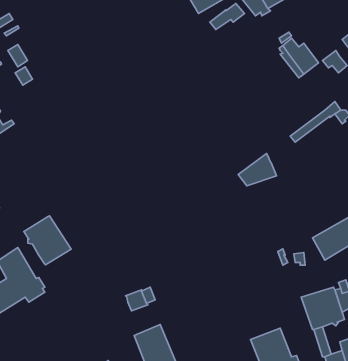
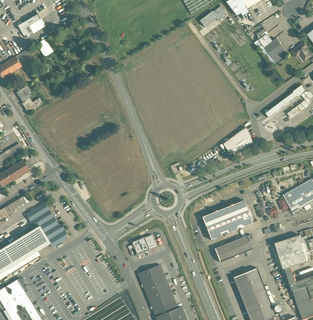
building: [24,216,71,265] -> none
building: none -> [201,199,253,239]
building: none -> [214,234,252,261]

